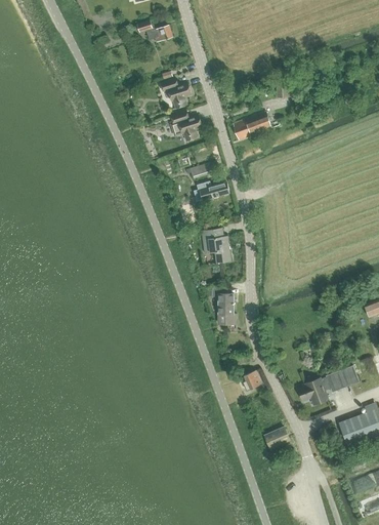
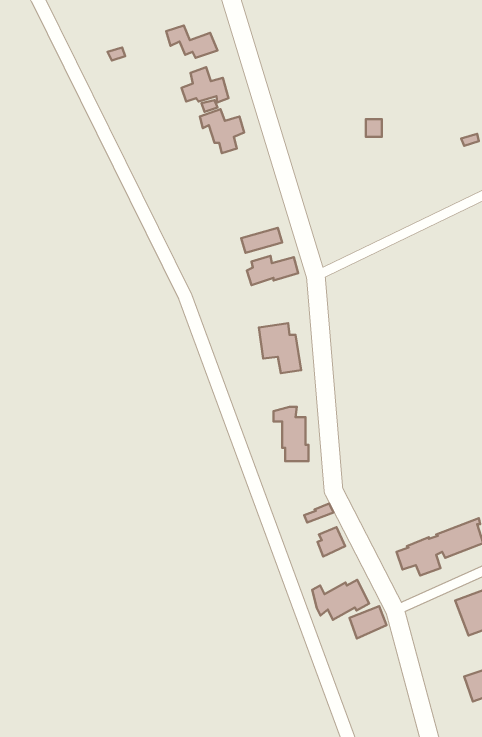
building: none -> [181,67,229,103]
building: [170,111,202,140] -> none
building: [233,111,271,139] -> none
building: none -> [312,580,369,620]

